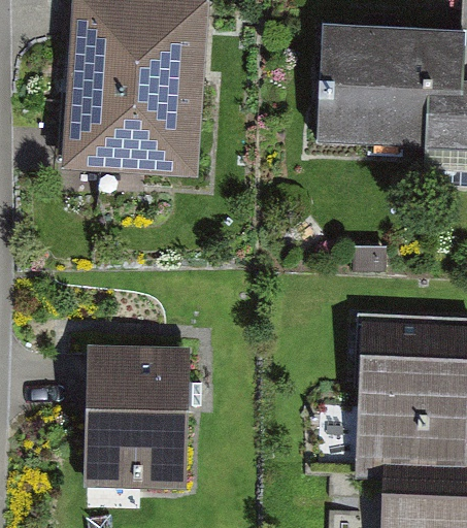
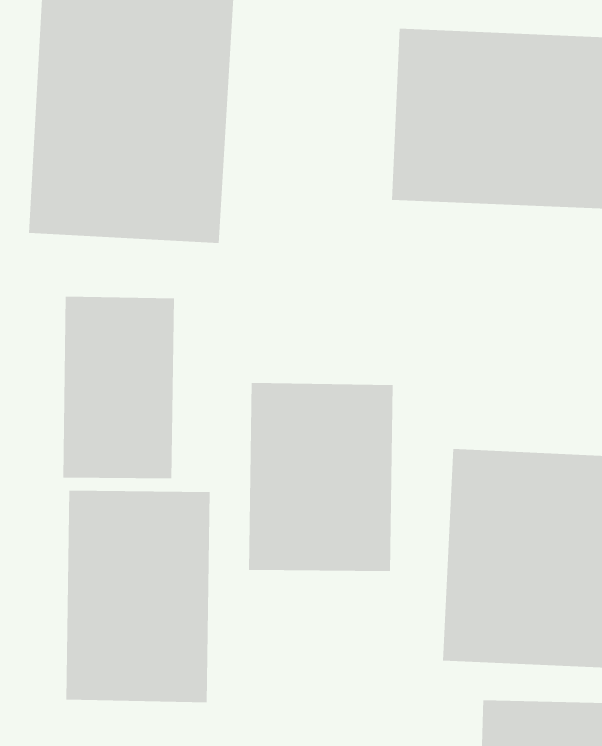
building: none -> [63,296,174,479]
building: none -> [249,382,393,572]

